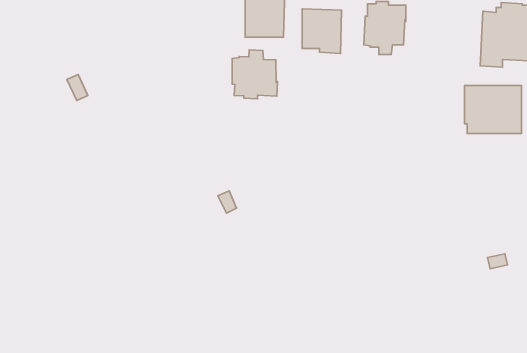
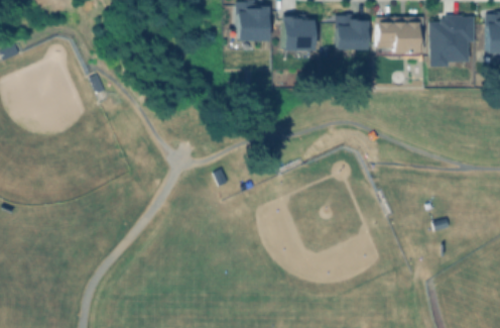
building: [232,50,278,99] -> none
building: [465,85,522,134] -> [376,15,422,54]

